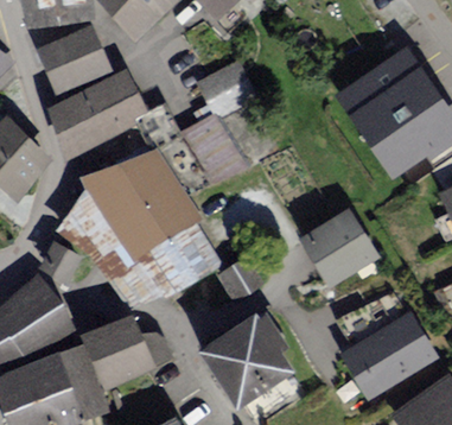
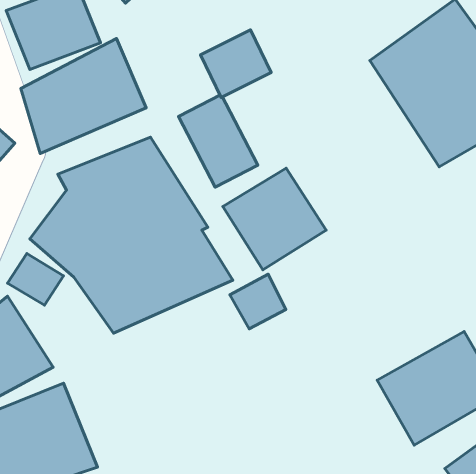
building: [295,208,378,290] -> [223,168,326,270]
building: [206,312,304,406] -> none
building: [87,322,155,388] -> none

